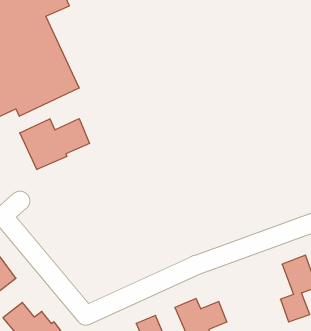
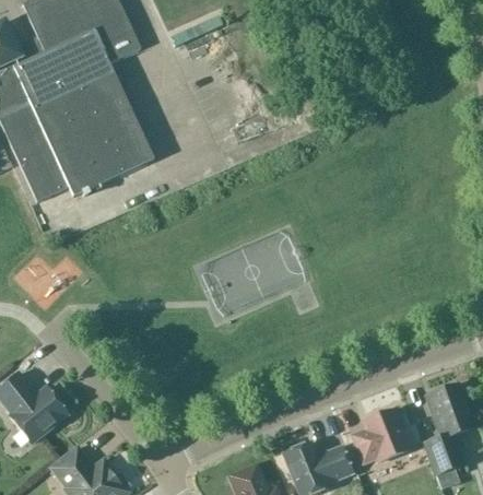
building: [20,119,90,170] -> none
building: none -> [352,406,410,464]

